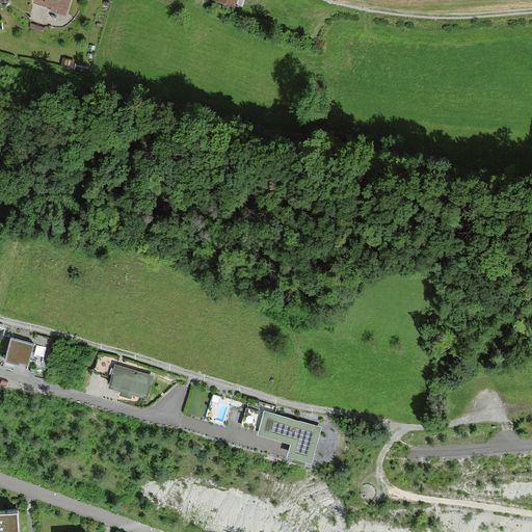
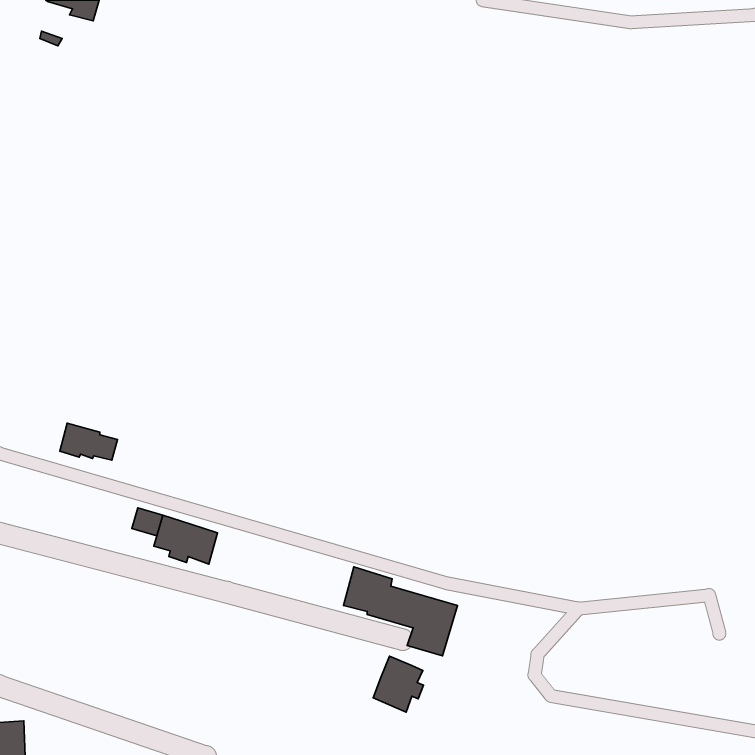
building: [5,339,46,365] -> [60,423,118,460]
building: none -> [373,656,423,712]

